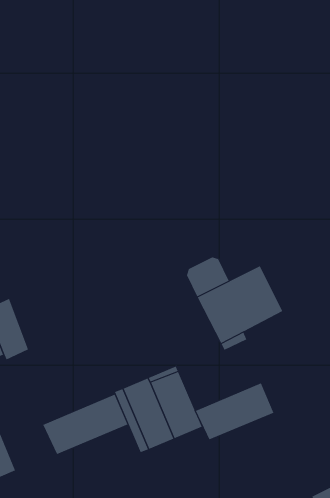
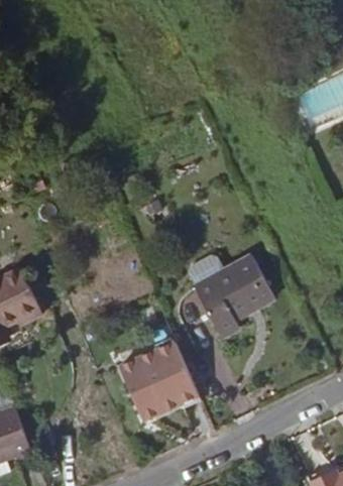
building: [195,383,274,440] -> none
building: [43,394,128,455] -> none

